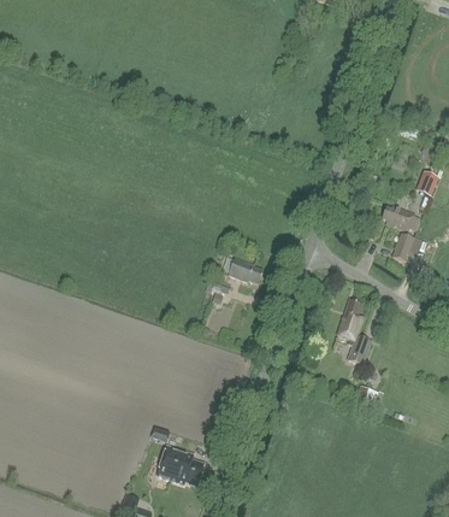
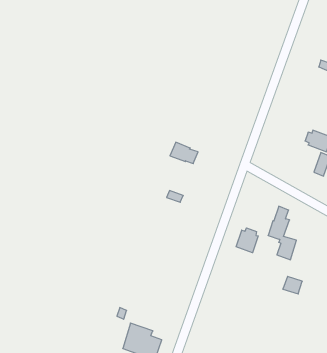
building: [229,258,264,284] -> [170,142,198,164]
building: none -> [236,228,258,253]

